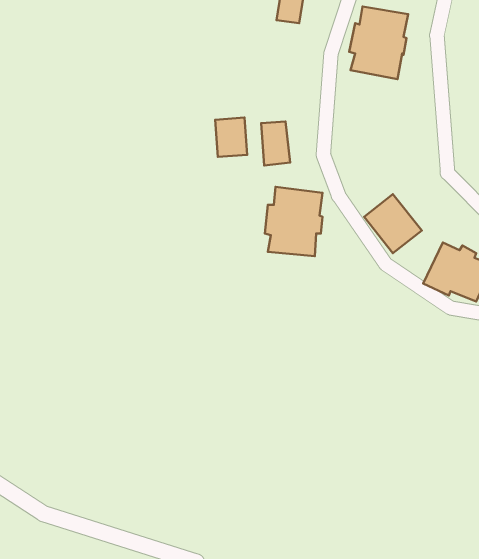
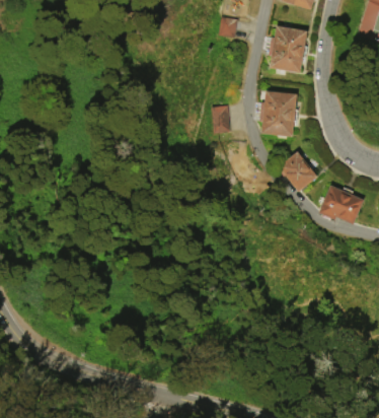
building: [215,118,247,157] -> none
building: [265,187,322,256] -> [258,89,297,136]

